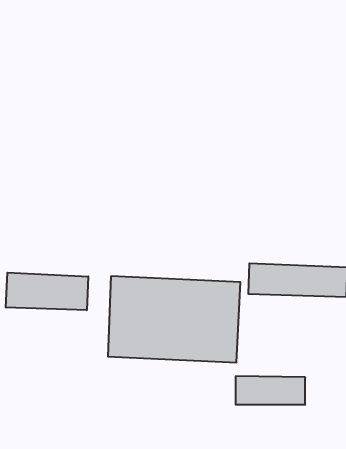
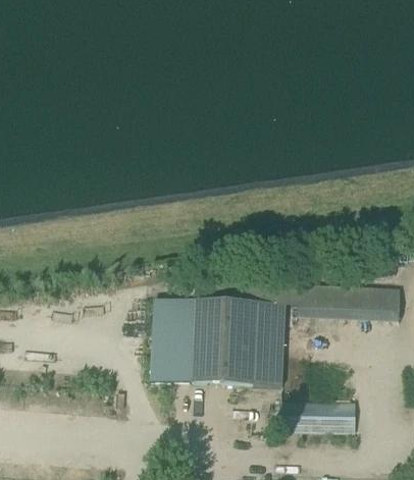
building: [6,273,88,310] -> none

